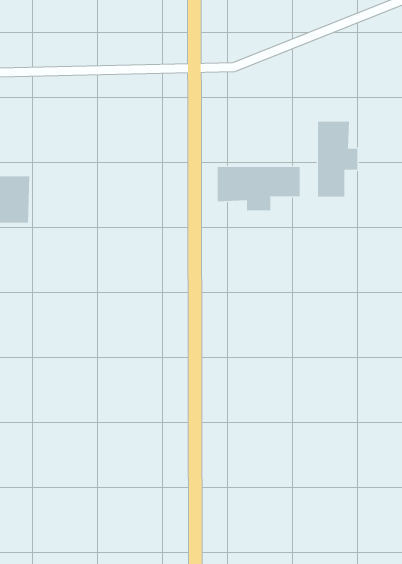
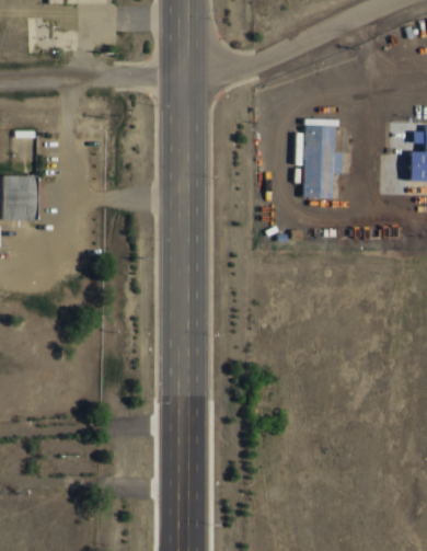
building: [217,166,300,211] -> none

